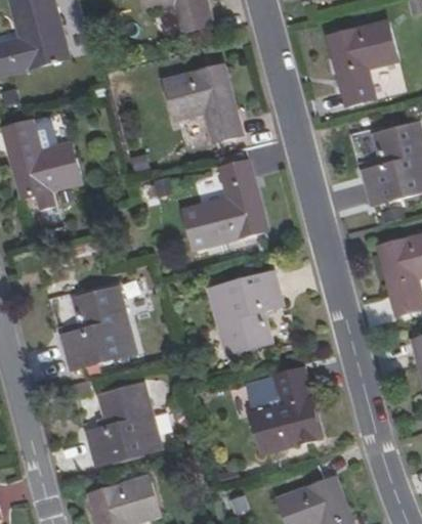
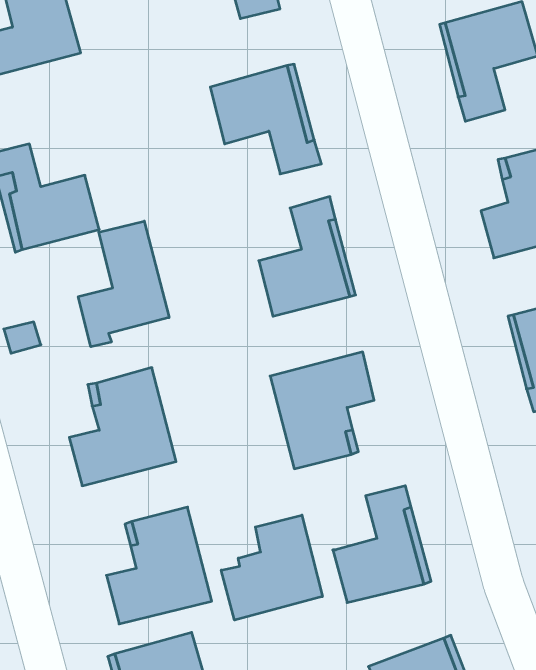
building: none -> [78,221,169,347]
building: [245,375,283,413] -> none
building: none -> [221,515,322,620]

